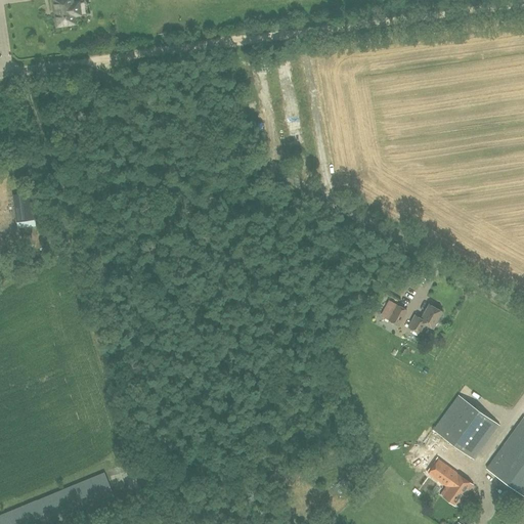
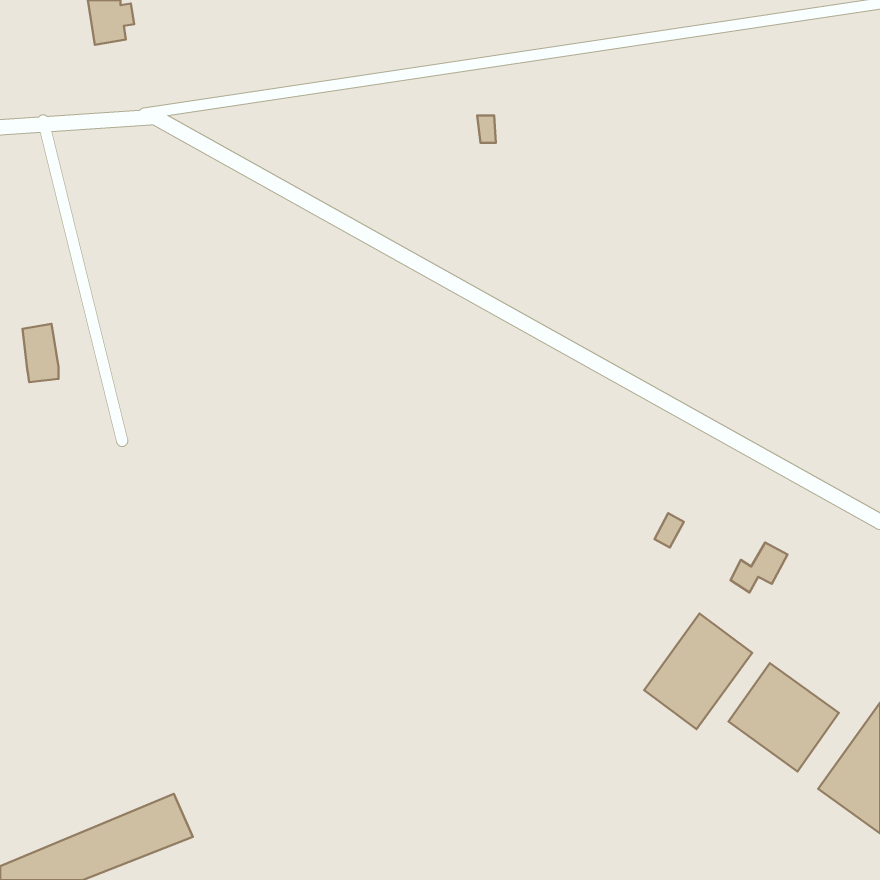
building: [408,304,442,334] -> [731,542,787,592]
building: none -> [644,614,752,729]
building: [428,458,473,507] -> none

